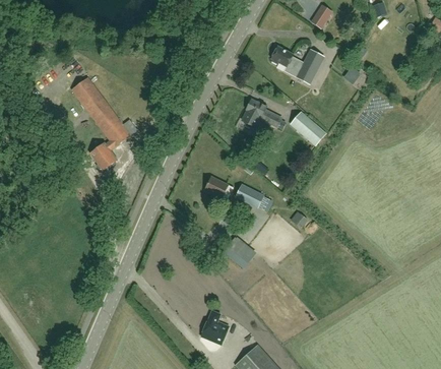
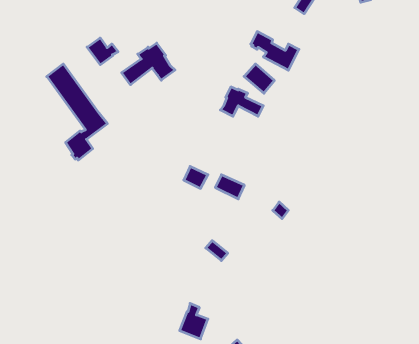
building: none -> [87,38,118,65]
building: none -> [122,43,175,85]
building: [297,116,326,144] -> [244,64,274,93]

